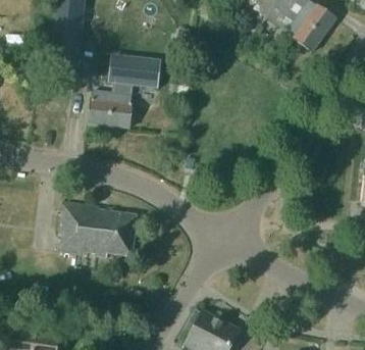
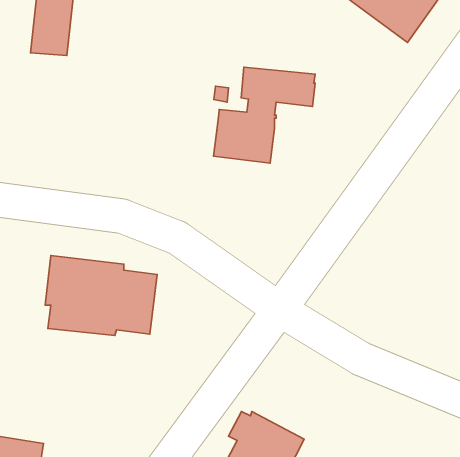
building: [88,60,159,128] -> [213,67,315,163]

